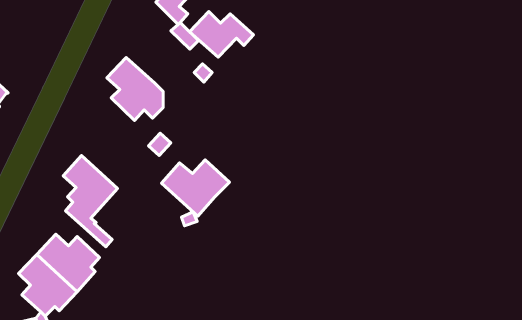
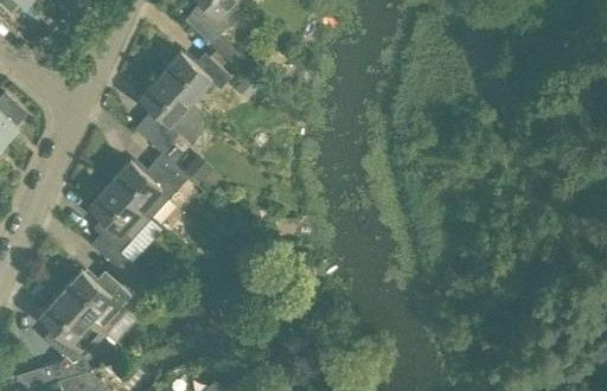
building: [190,12,253,57] -> [160,51,231,102]
building: [162,160,230,216] -> [110,156,186,219]

